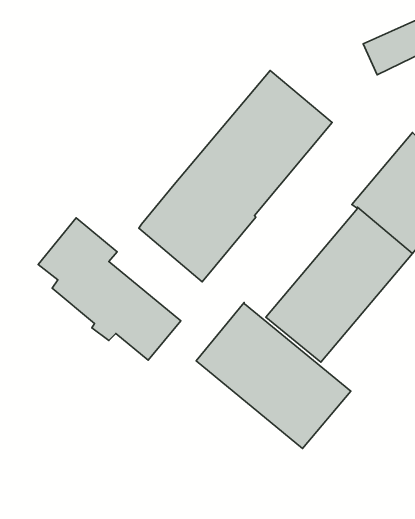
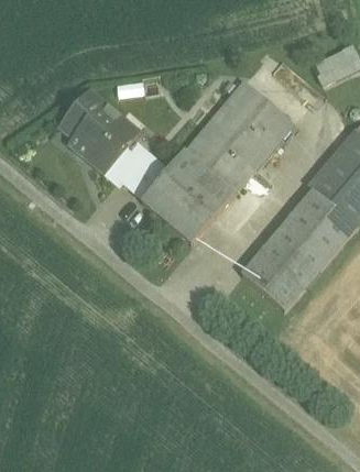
building: [38,218,181,360] -> [59,88,171,199]
building: [196,302,351,448] -> none

